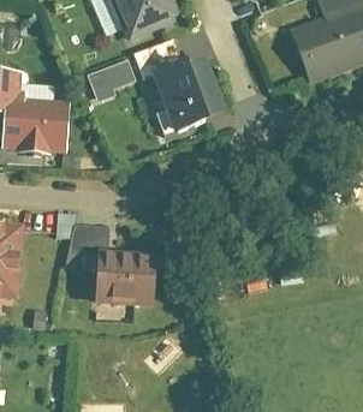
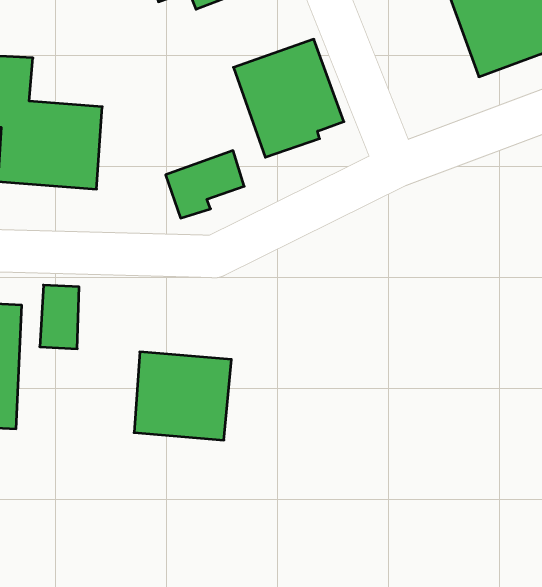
building: [89,55,139,98] -> [166,151,244,218]
building: [69,225,94,265] -> [40,285,79,349]

